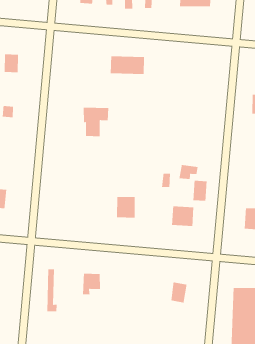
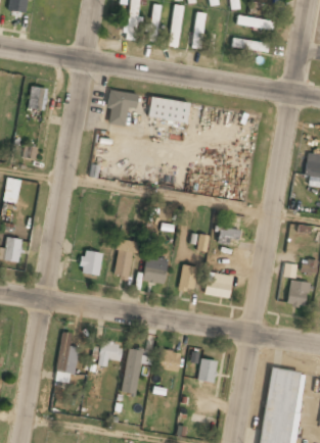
building: [83,107,109,137] -> [108,90,139,126]
building: [193,180,207,202] -> [180,264,198,290]
building: none -> [113,238,137,279]
building: none -> [83,250,103,275]
building: none -> [158,349,181,371]
building: none -> [123,348,153,393]

